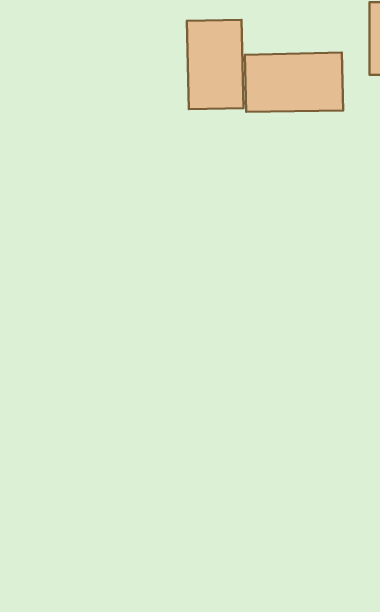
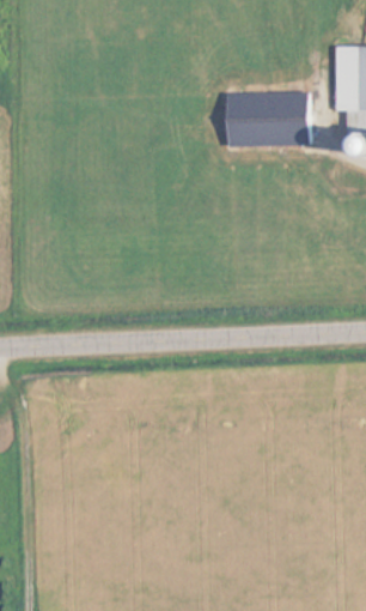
building: [187,20,244,109] -> none

